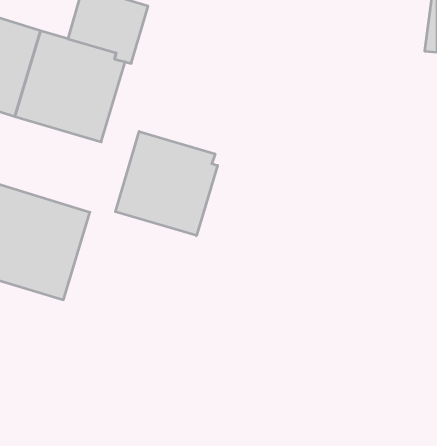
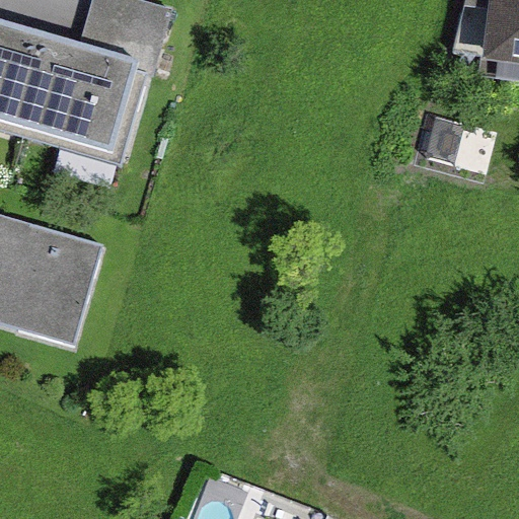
building: [115,131,218,236] -> none

